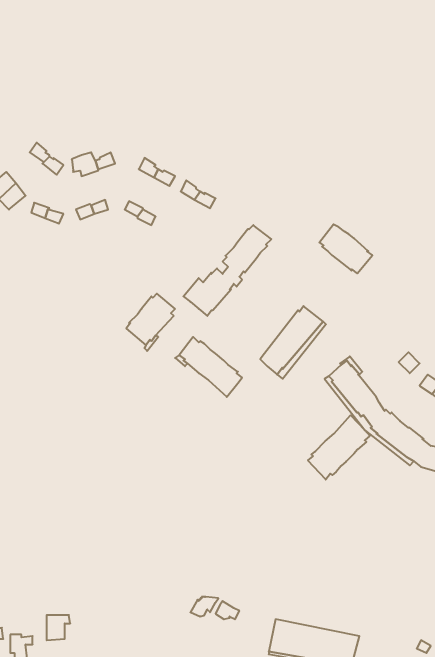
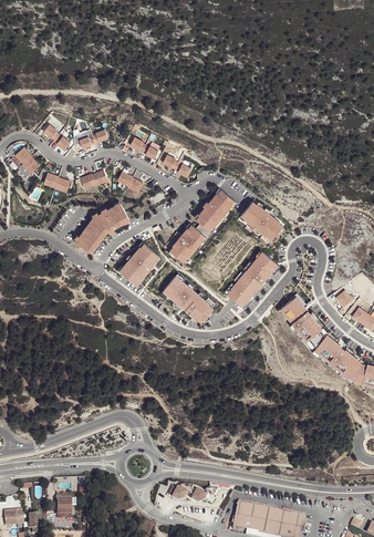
building: [319,224,372,273] -> [239,202,281,240]
building: none -> [75,202,129,250]
building: [308,415,370,480] -> none

